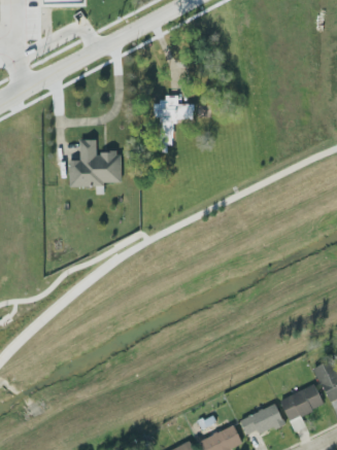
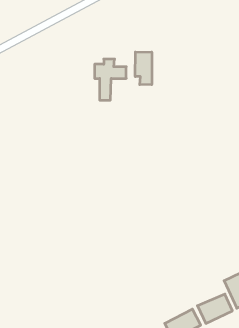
building: none -> [135,52,152,85]
building: [68,139,120,186] -> none

